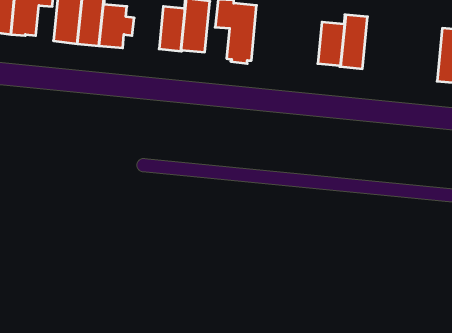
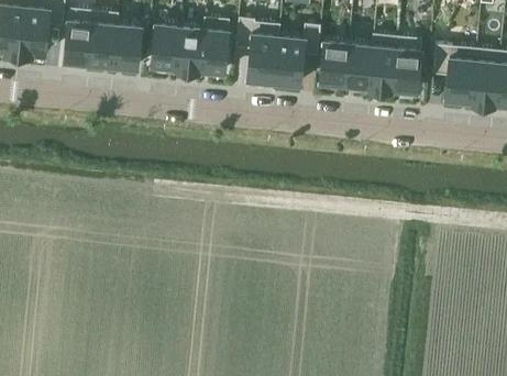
building: none -> [150,23,179,70]
building: none -> [273,24,320,88]
building: none -> [390,36,421,92]
building: none -> [319,40,348,86]
building: none -> [431,44,475,104]

